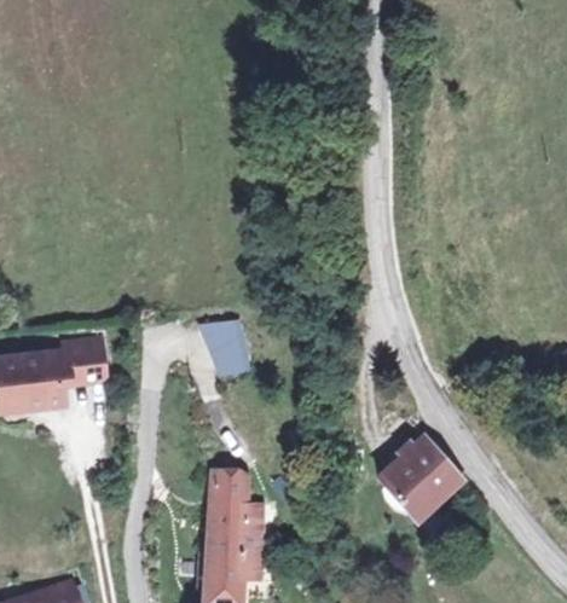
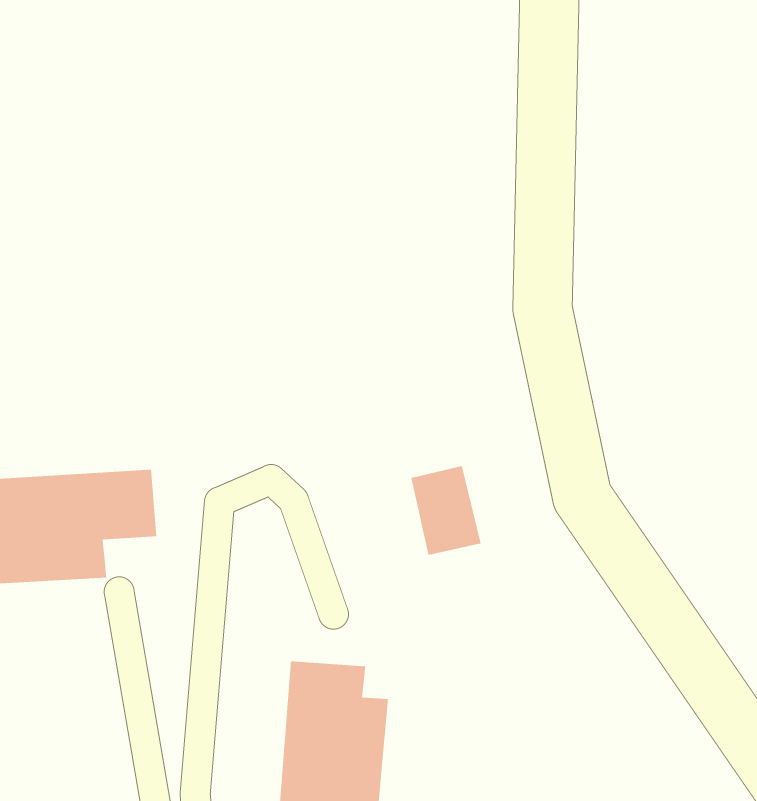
building: [207,317,256,379] -> [411,466,481,556]
building: [370,431,468,528] -> none

